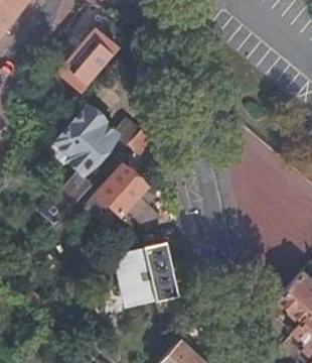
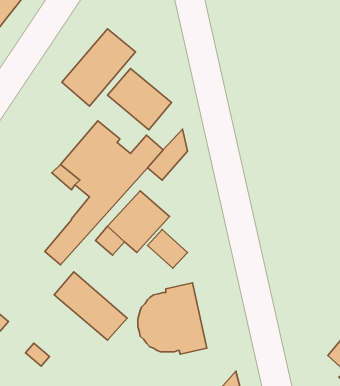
building: none -> [108,69,171,130]
building: none -> [54,272,127,340]

